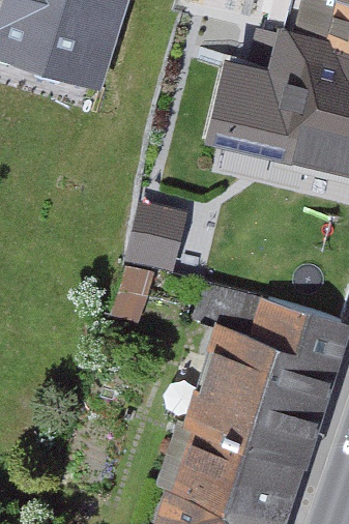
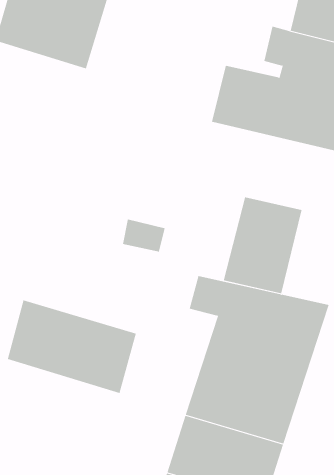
building: none -> [223,196,302,294]
building: none -> [7,300,136,394]

